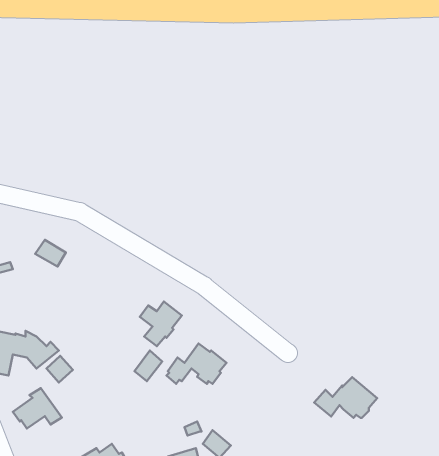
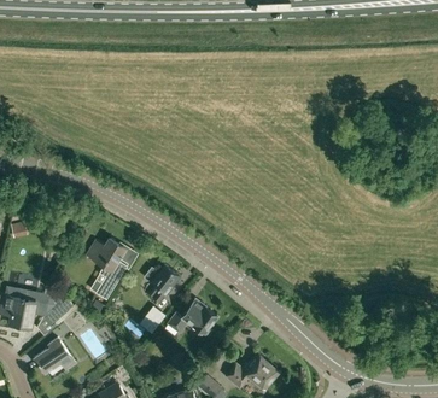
building: none -> [86,239,125,298]
building: [314,377,377,418] -> [226,353,280,388]

